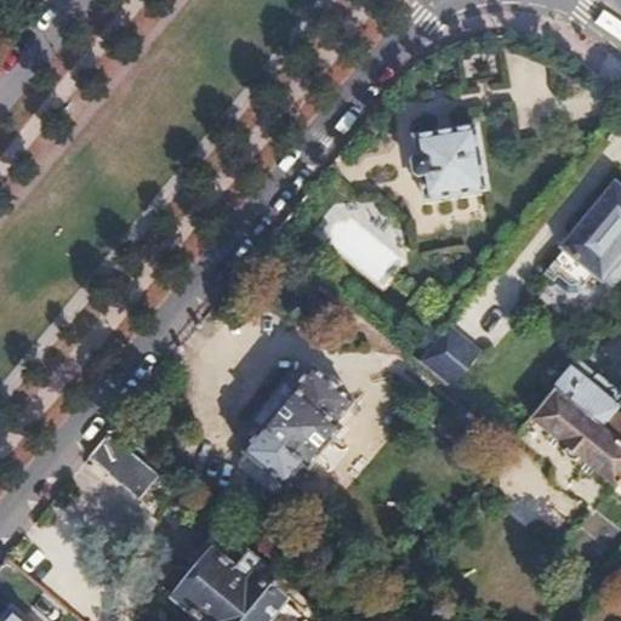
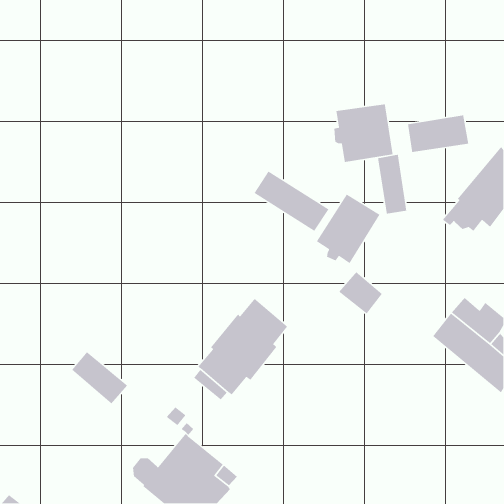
building: none -> [407,115,469,153]
building: none -> [377,154,407,215]
building: none -> [316,193,380,264]

